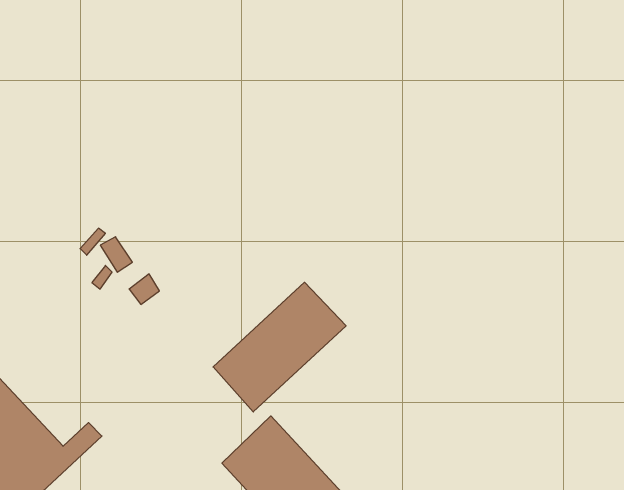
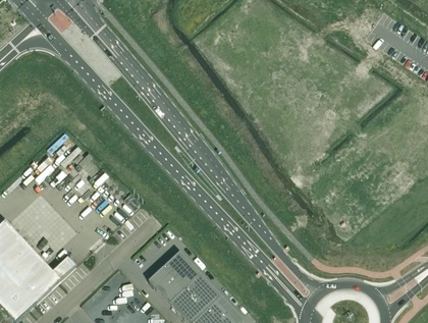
building: [213,282,346,412] -> none

